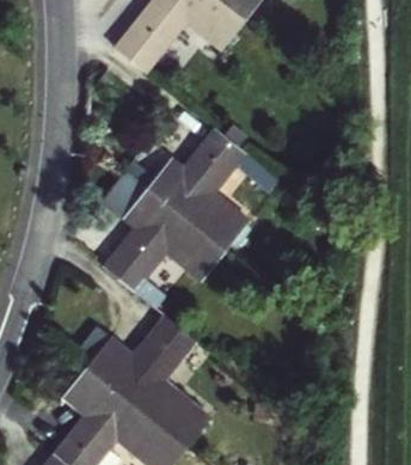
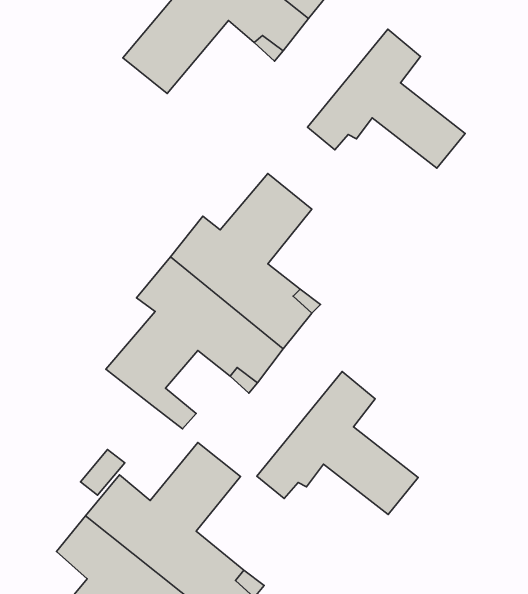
building: none -> [308,29,465,168]
building: none -> [257,372,418,515]

